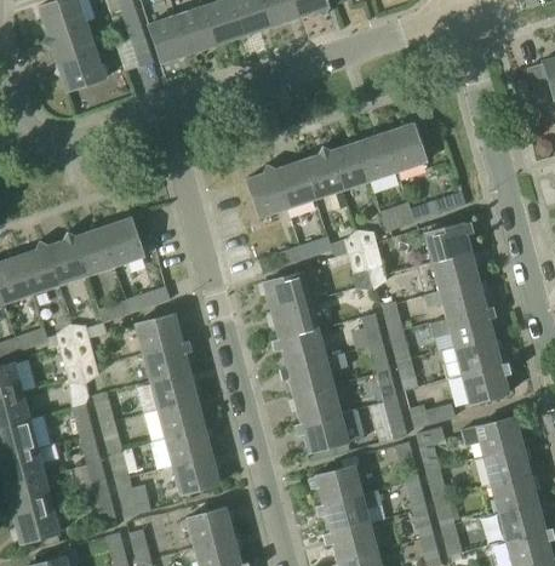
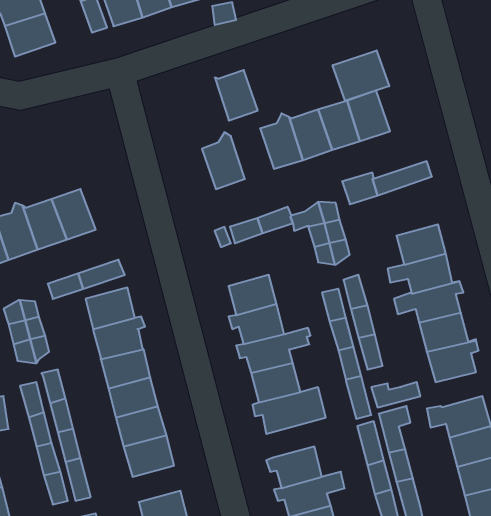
building: none -> [333,50,389,101]
building: [274,160,315,208] -> [215,70,258,121]
building: [425,222,474,263] -> none
building: [263,265,320,311] -> none

